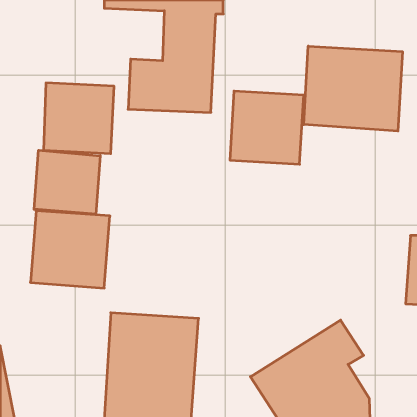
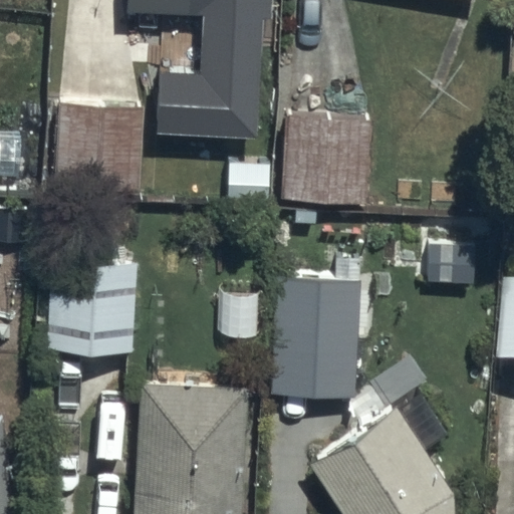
building: [304,46,402,131] -> none
building: [34,150,100,214] -> none
building: none -> [262,272,359,396]

